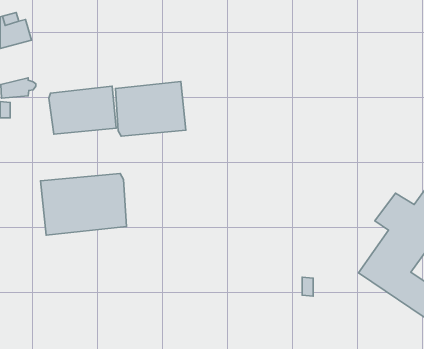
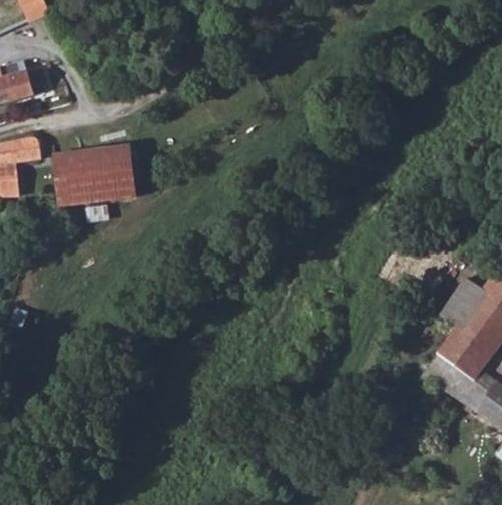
building: [116,81,186,136] -> none
building: [41,173,127,235] -> none

